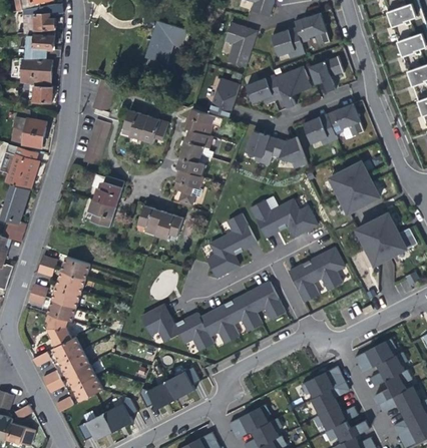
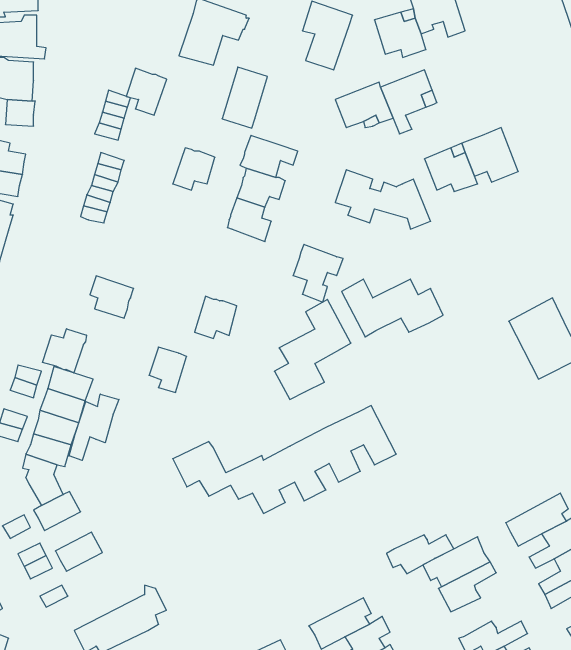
building: [309,56,343,92] -> none
building: [209,78,239,117] -> [222,67,267,128]
building: [123,109,149,139] -> [126,68,167,115]
building: [329,159,380,212] -> none
building: [172,168,204,205] -> [293,244,343,302]
building: [92,174,124,206] -> none
building: [138,205,162,235] -> [149,347,187,392]
building: none -> [43,329,86,373]
building: [288,249,343,302] -> none
building: none -> [69,394,119,460]
building: [59,350,89,375] -> none
building: [139,368,199,409] -> none
building: [73,376,103,401] -> none
building: [315,405,358,430] -> [387,535,454,574]

